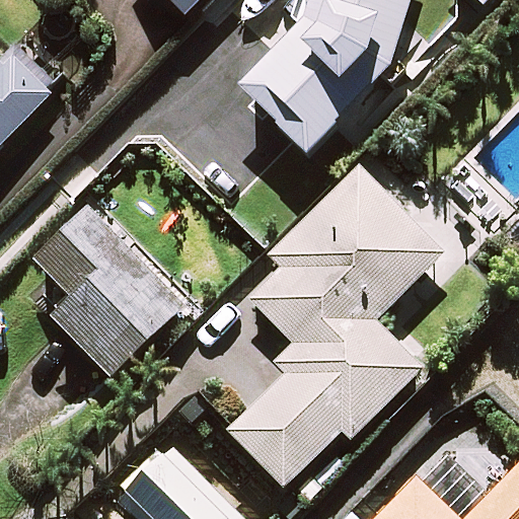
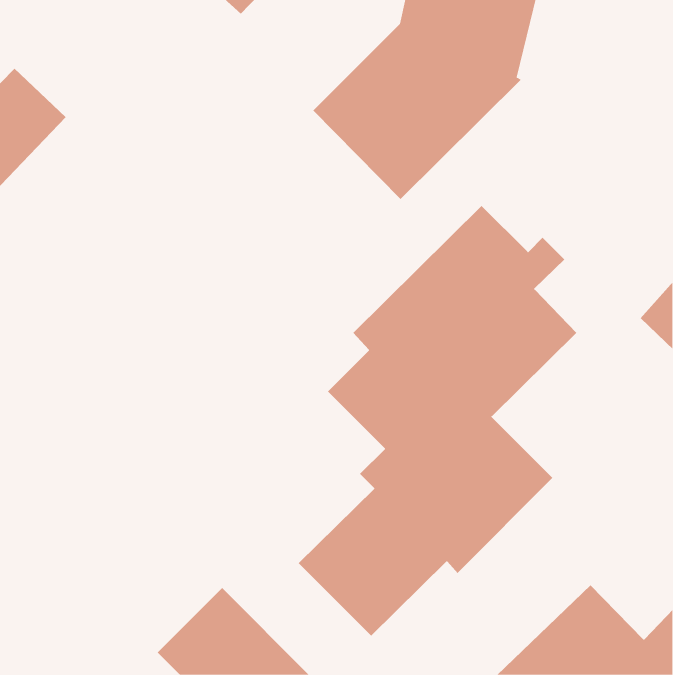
building: [31,205,181,375] -> none

